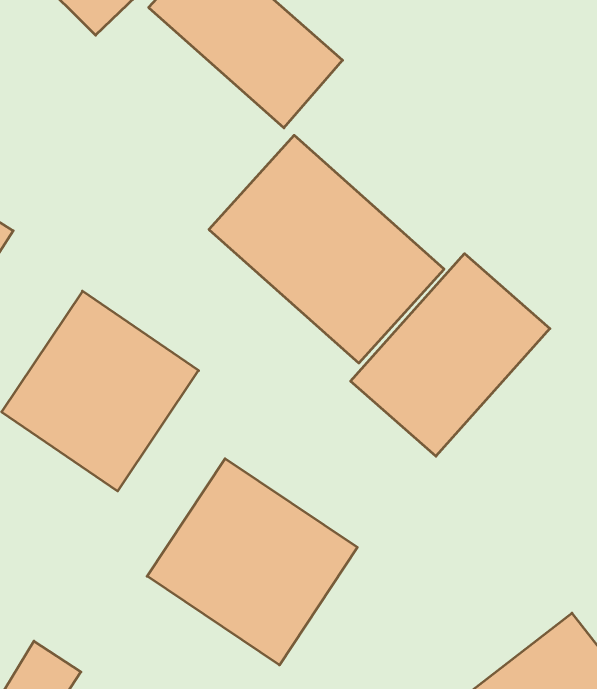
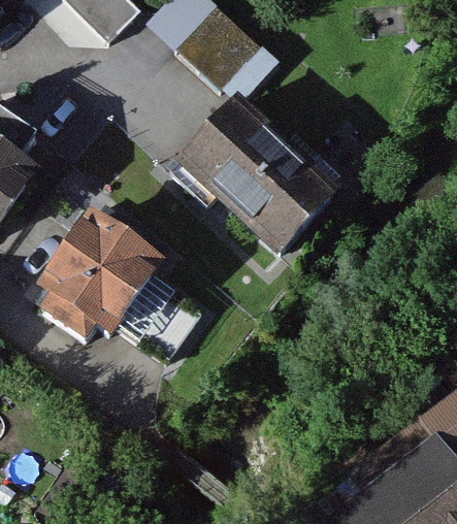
building: [351,254,550,456] -> none
building: [147,459,357,665] -> none

